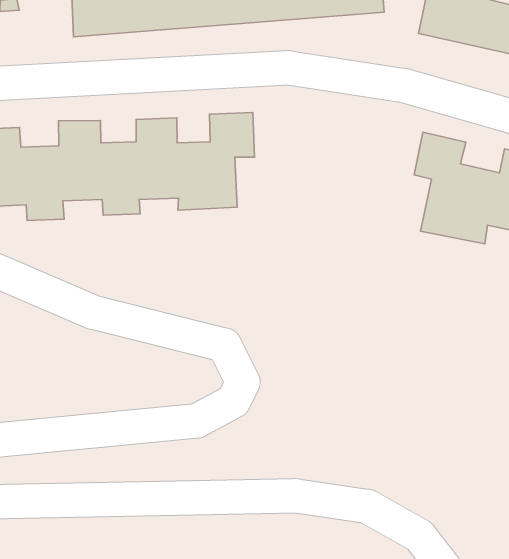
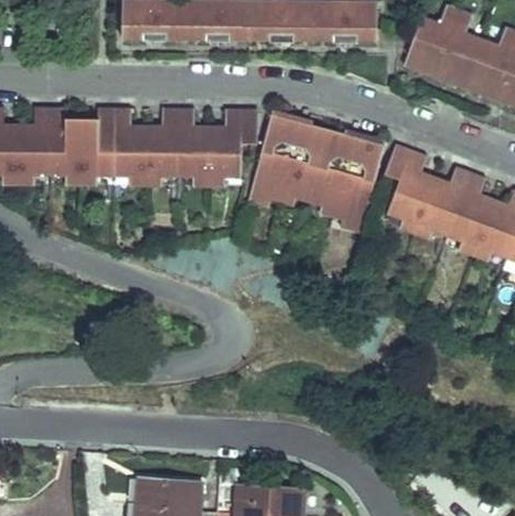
building: none -> [253,113,385,232]

